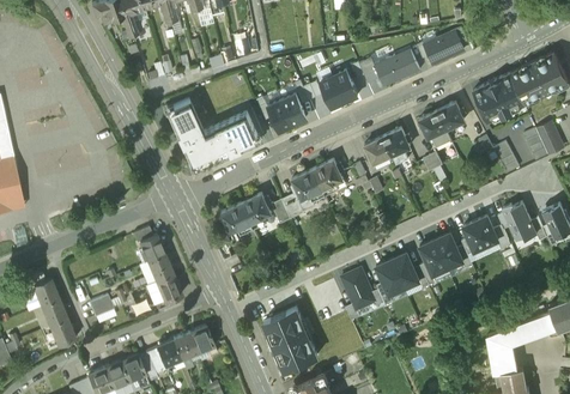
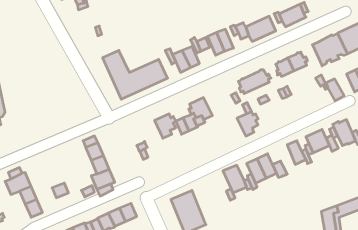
building: [313,159,344,195] -> [237,112,258,136]
building: [219,202,253,235] -> none
building: [419,238,448,274] -> none

